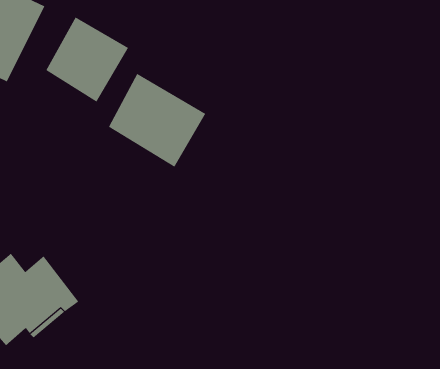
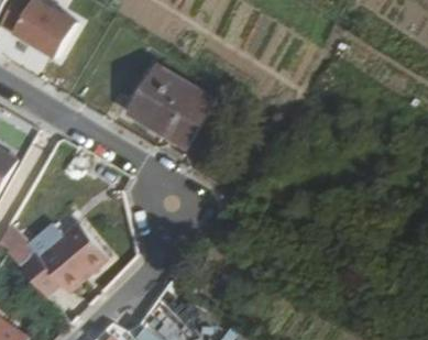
building: [45,16,129,103] -> none

